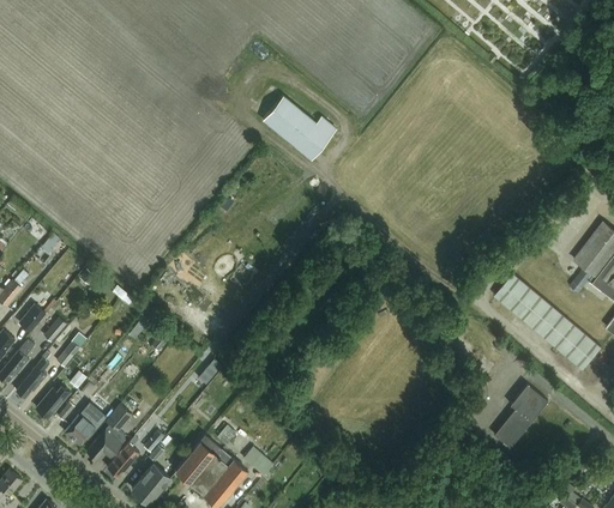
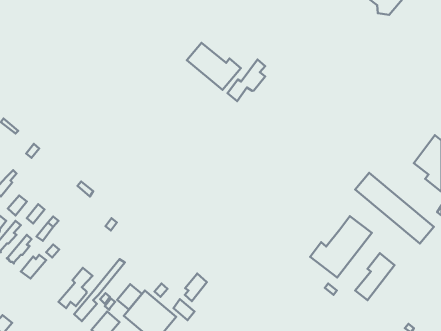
building: none -> [227,60,265,101]
building: none -> [310,216,372,277]
building: [64,410,98,444] -> none
building: none -> [185,273,207,301]
building: none -> [117,284,142,309]

